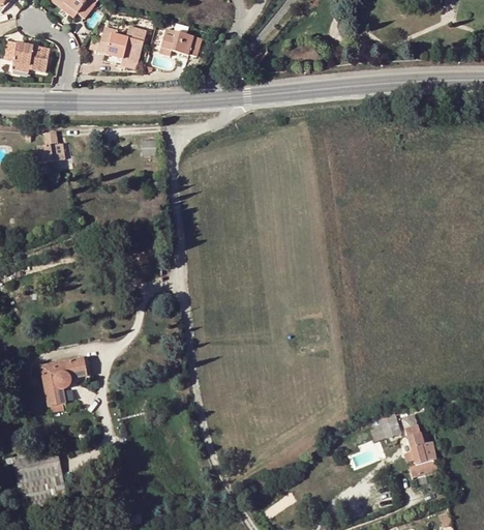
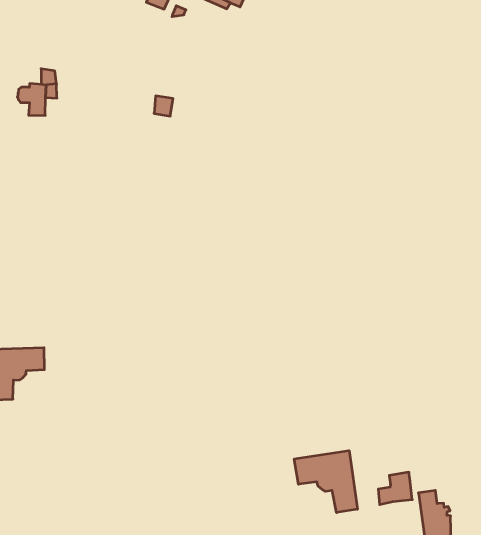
building: none -> [294,451,357,513]

